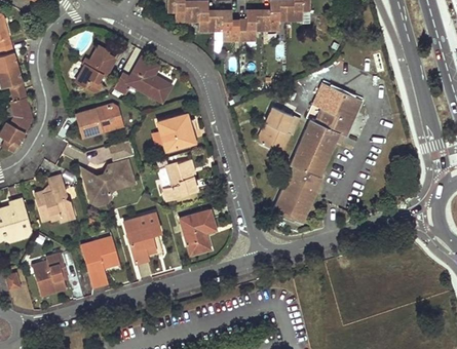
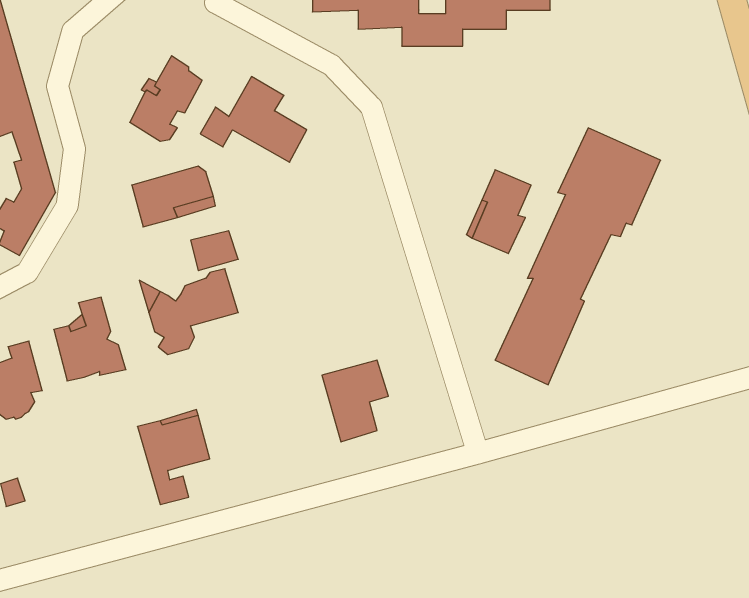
building: [156,114,193,150] -> none
building: [162,160,196,200] -> none
building: [122,212,159,260] -> none
building: [34,254,66,294] -> none

